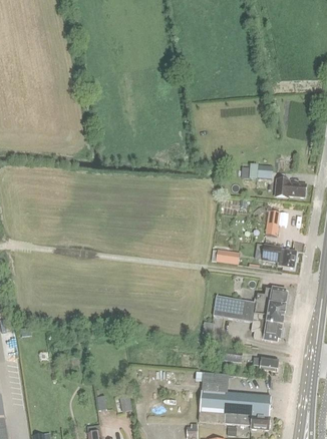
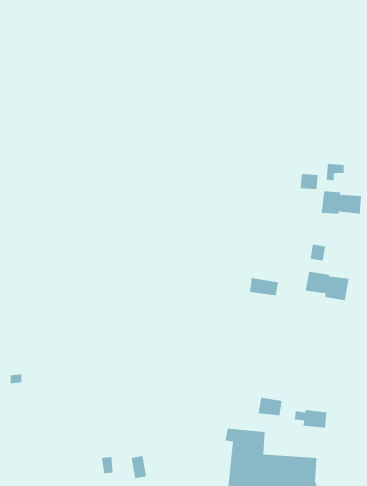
building: [213,286,289,343] -> none

